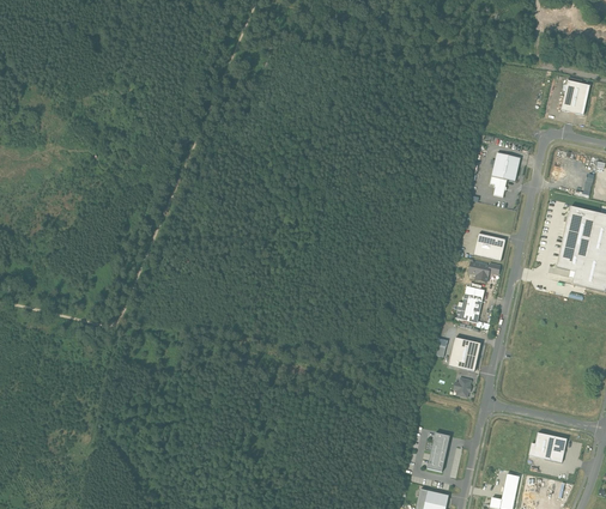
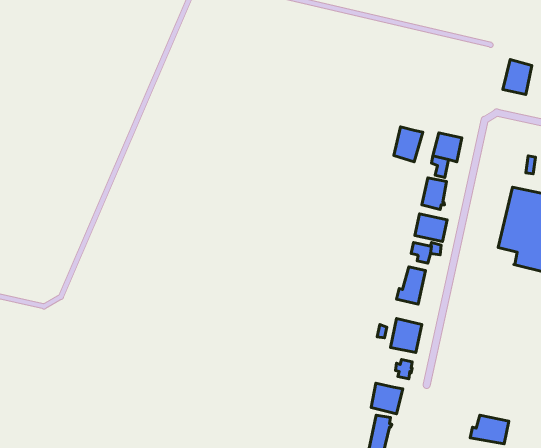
building: none -> [394,127,423,162]
building: none -> [422,178,447,209]
building: none -> [371,383,403,414]

